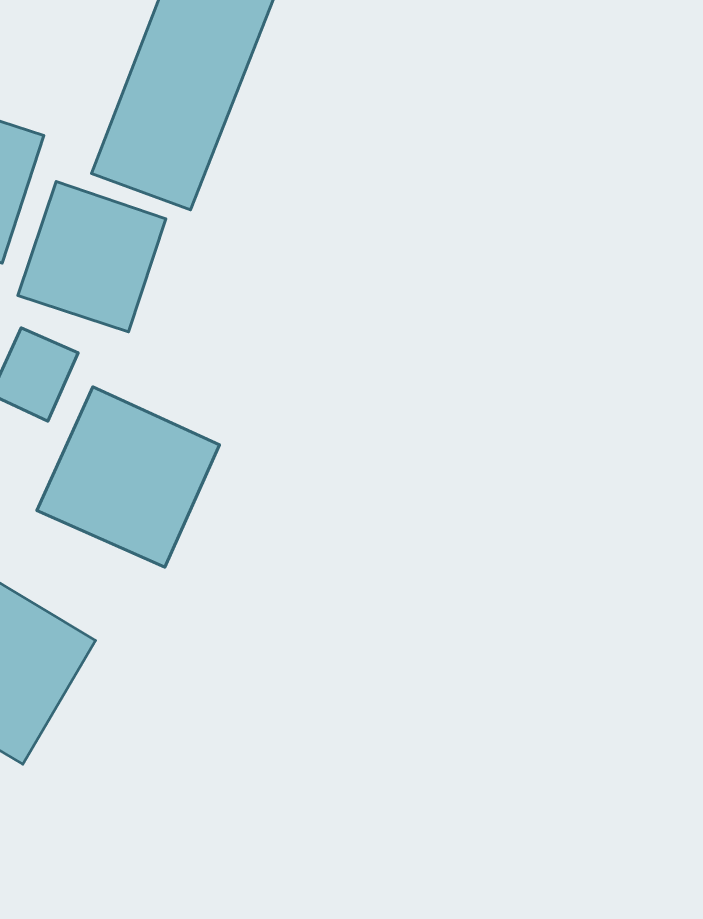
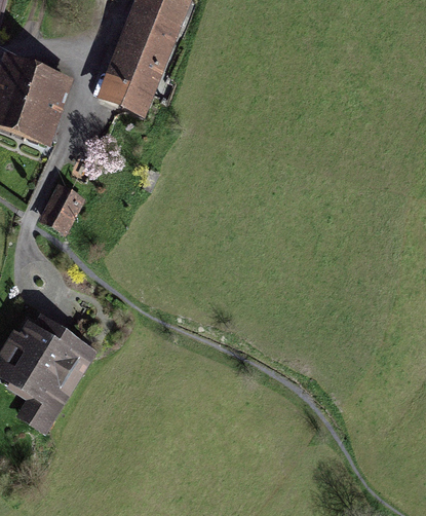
building: [18,181,166,332] -> none
building: [37,387,219,567] -> none

